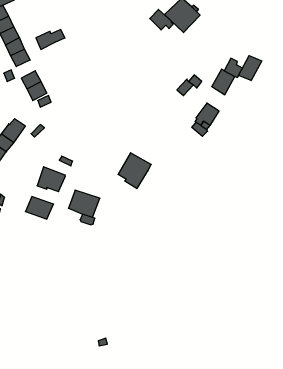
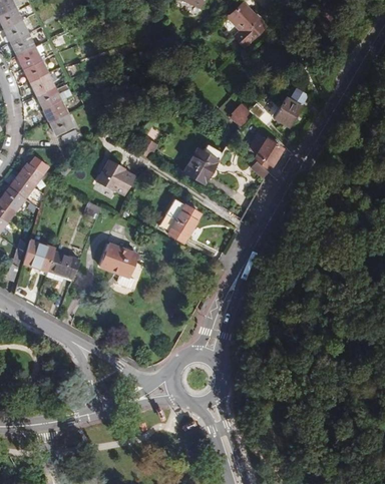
building: [150,9,173,30] -> none
building: [36,30,65,49] -> [36,84,71,108]
building: [239,56,262,81] -> none
building: none -> [183,144,222,183]
building: none -> [96,159,134,194]
building: [37,167,65,192] -> [21,239,55,270]

